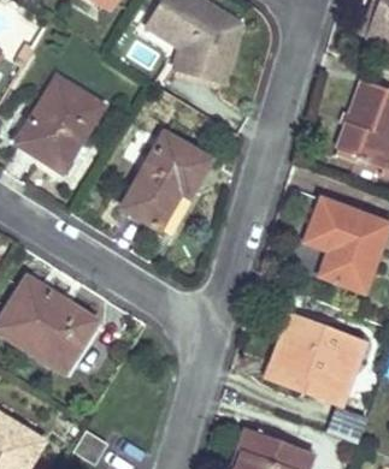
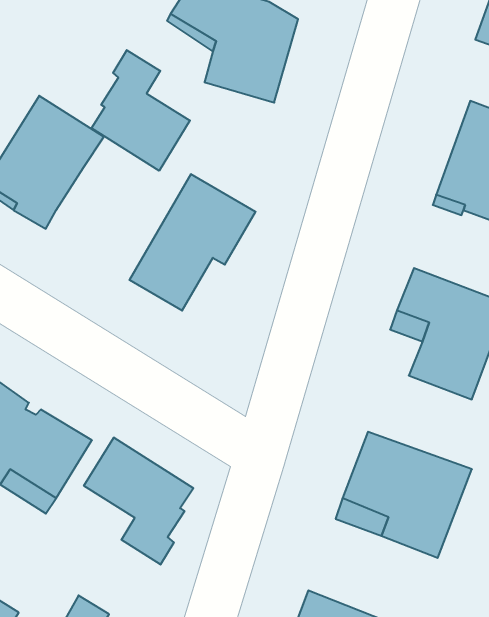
building: none -> [91,50,190,171]
building: none -> [84,437,193,565]

